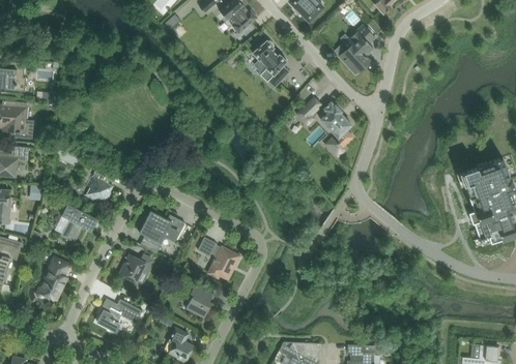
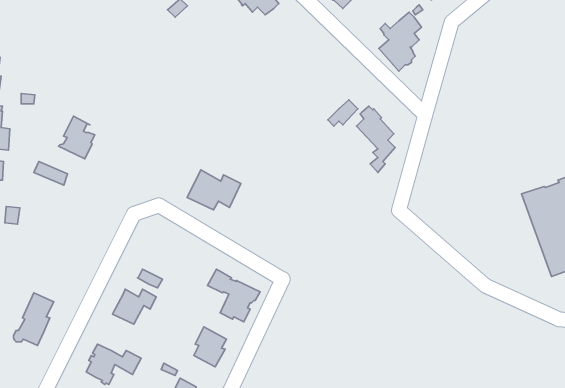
building: [252,39,289,87] -> none
building: [83,171,113,206] -> [58,116,95,159]
building: [60,204,96,243] -> none
building: [139,210,183,243] -> [187,170,241,210]

